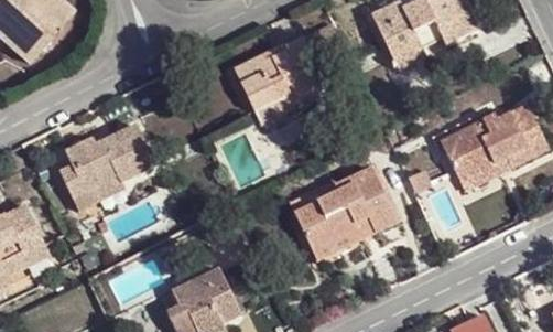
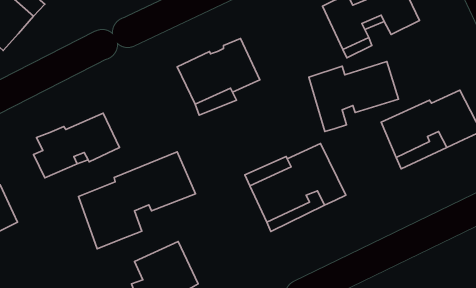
building: none -> [309,61,399,131]
building: none -> [79,152,195,249]

